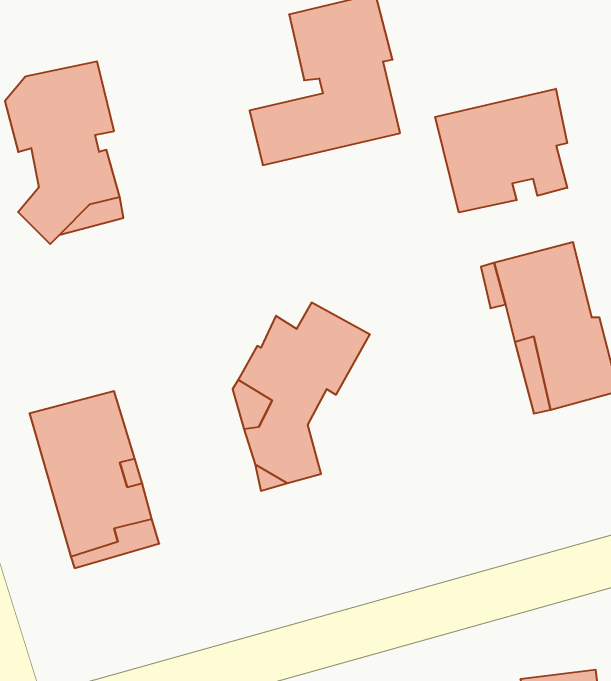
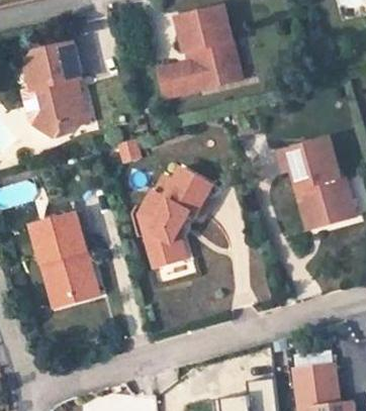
building: [435,89,567,212] -> none

